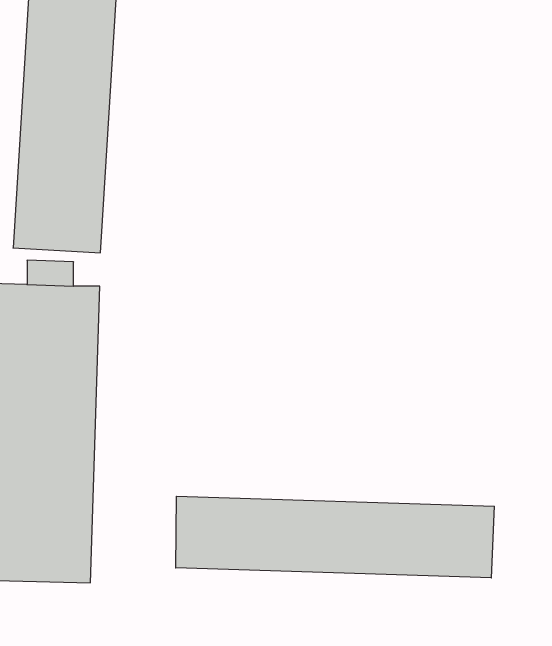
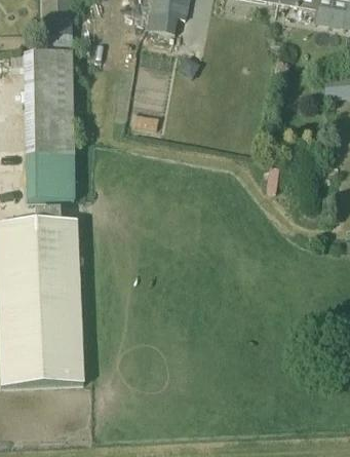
building: [176,496,494,578] -> none

